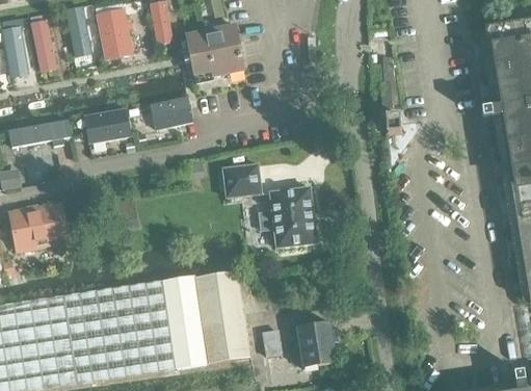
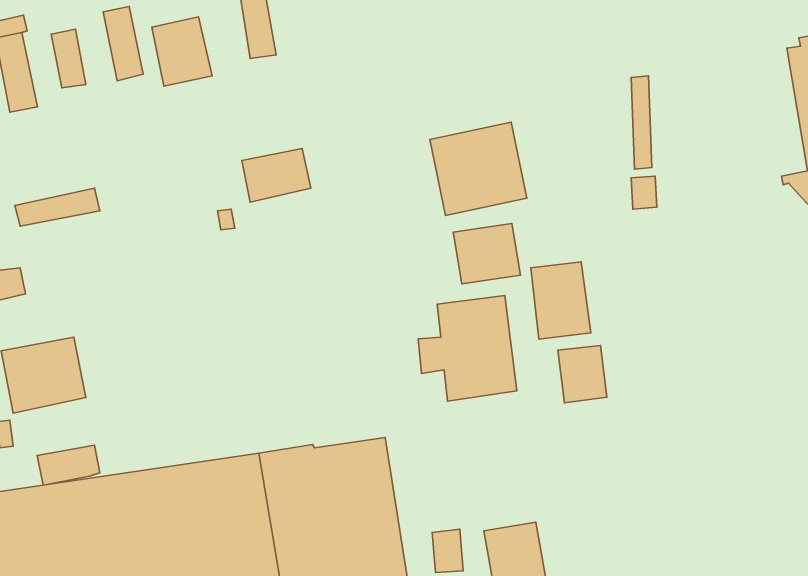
building: [185,24,243,80] -> [430,122,527,216]
building: [83,111,132,142] -> none
building: [221,162,262,199] -> [453,223,521,284]
building: none -> [531,262,591,339]
building: none -> [558,346,607,403]
building: none -> [37,445,100,485]

